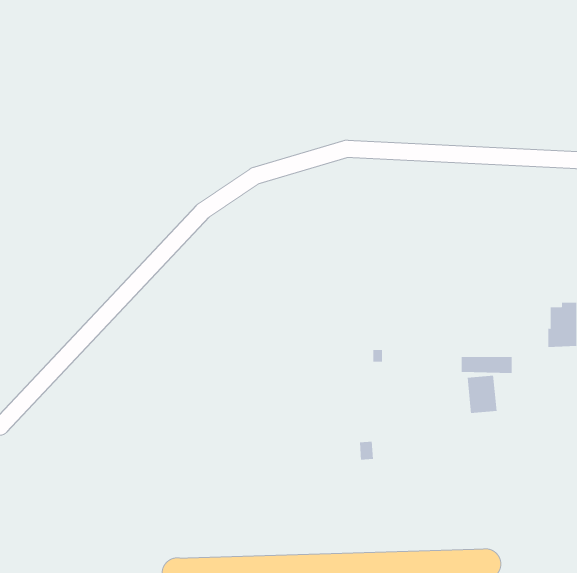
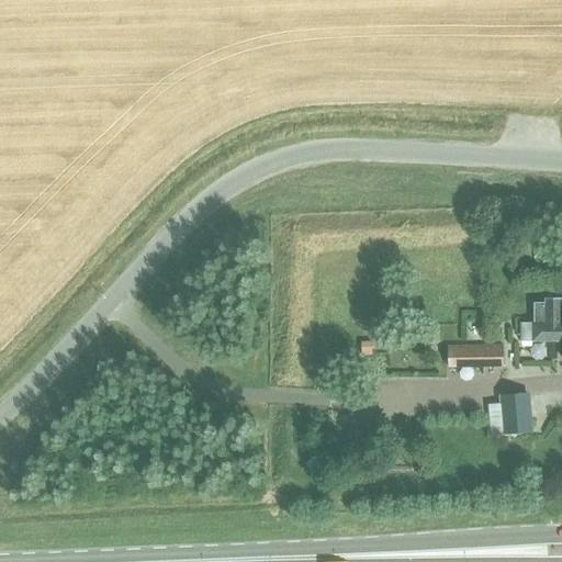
building: [467,375,497,413] -> [502,392,531,429]

